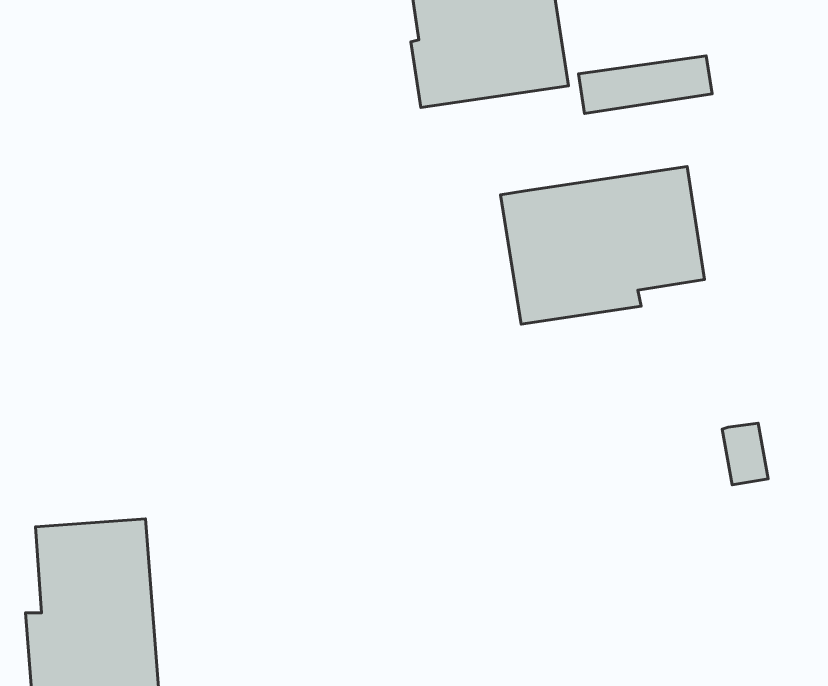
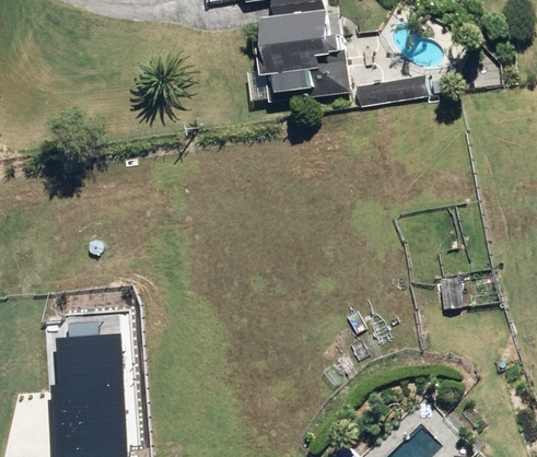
building: [500,166,705,324] -> none

